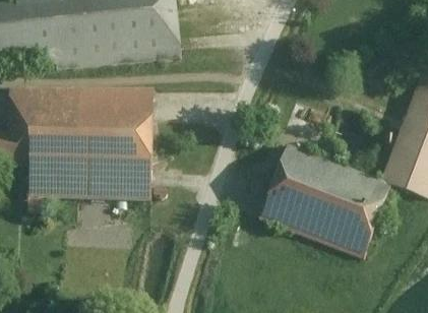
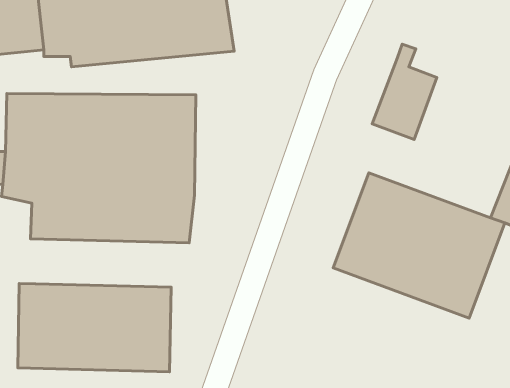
building: none -> [372,44,437,139]
building: none -> [18,283,171,372]

